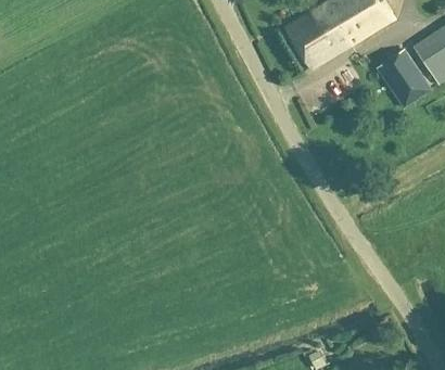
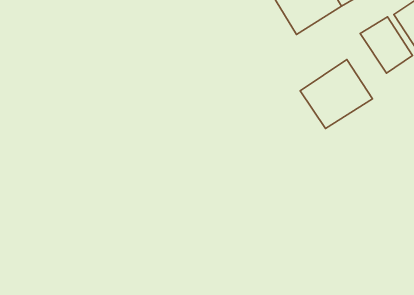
building: none -> [300,60,372,129]

